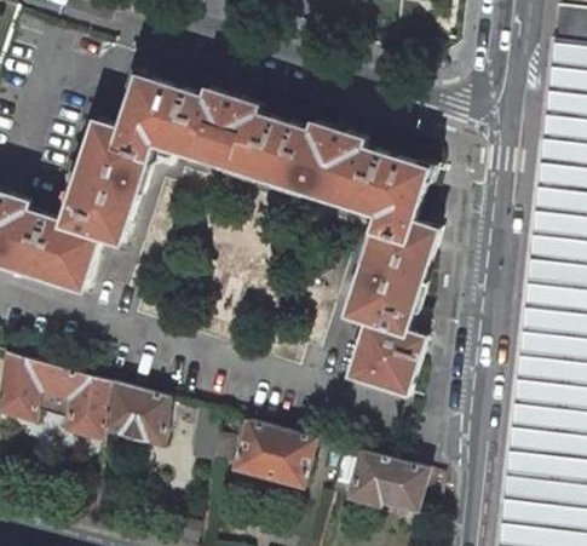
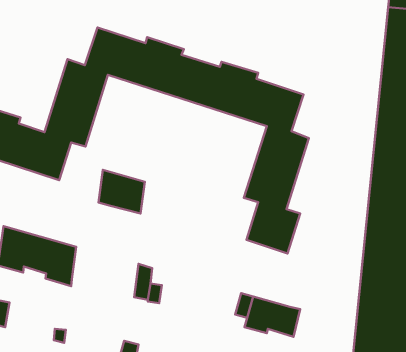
building: [103,385,168,447] -> [99,170,145,214]
building: [232,423,316,489] -> none

